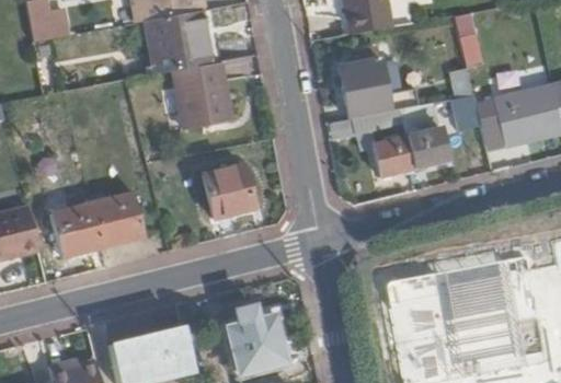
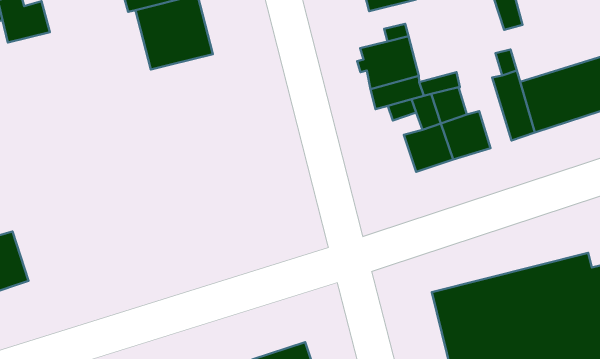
building: [174,60,231,128] -> none
building: [204,163,254,217] -> none
building: [49,192,145,255] -> none

